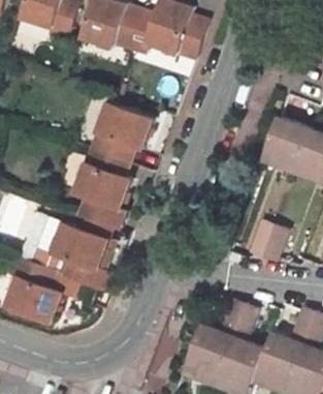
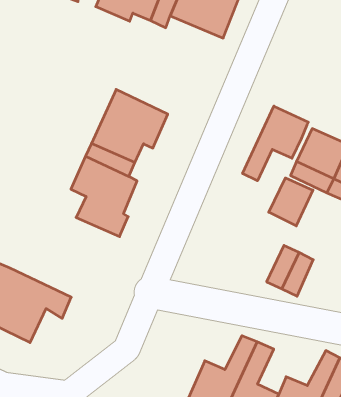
building: none -> [243,106,308,181]
building: none -> [269,178,313,226]
building: [29,212,106,283] -> none

